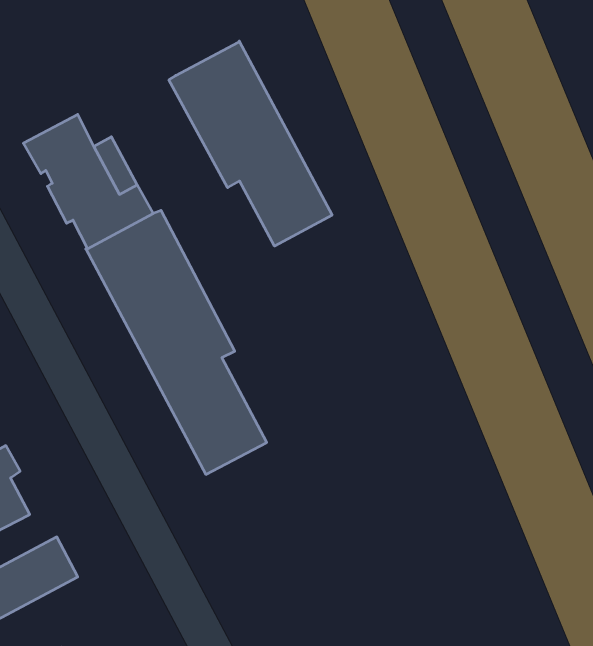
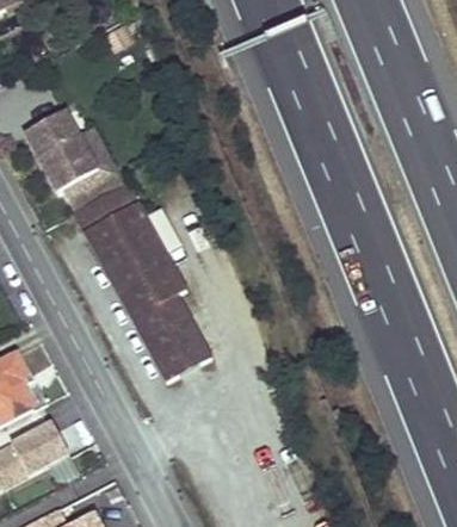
building: [169,41,332,246] -> none

